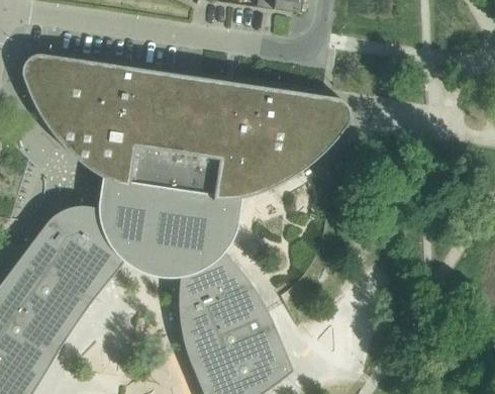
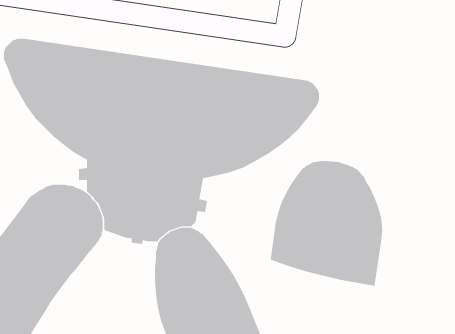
building: none -> [270,160,383,286]

